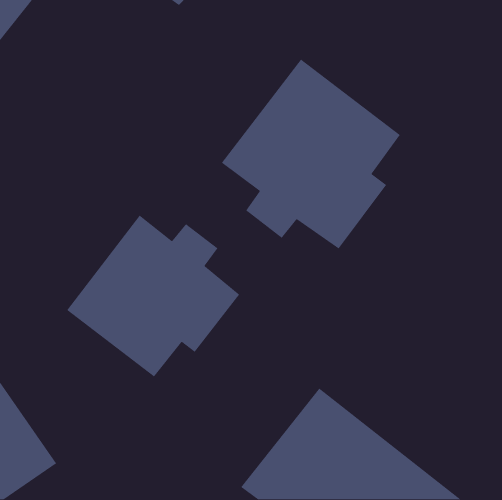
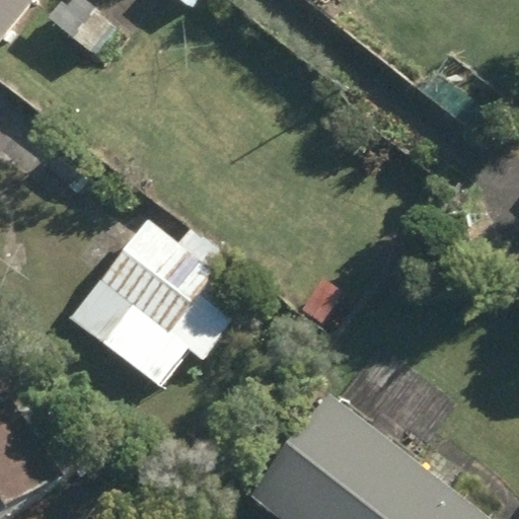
building: [221,58,401,250] -> none

